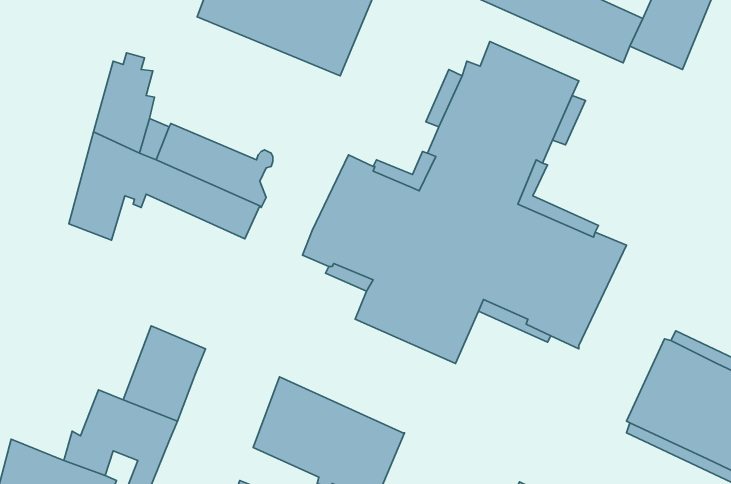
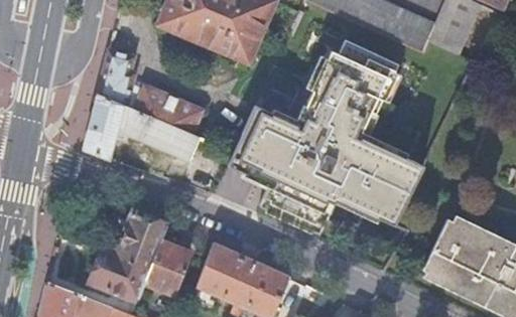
building: none -> [145,242,191,294]

